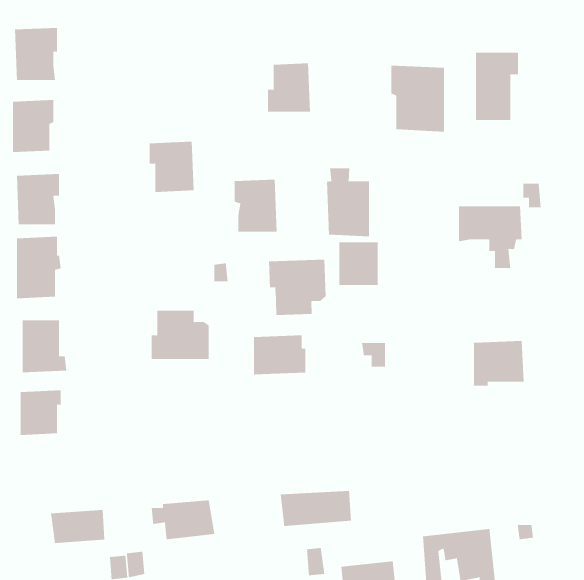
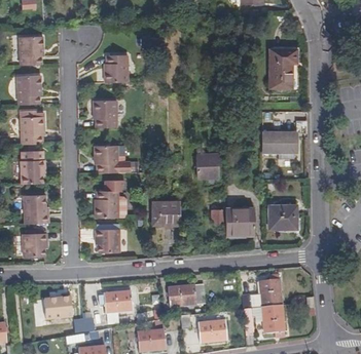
building: [267,63,311,112] -> [106,49,130,76]
building: [391,65,444,132] -> none
building: [326,168,370,237] -> none
building: [234,179,277,232] -> [96,137,119,166]
building: [269,259,326,316] -> none
building: none -> [226,203,257,230]
building: none -> [96,219,120,246]
building: none -> [241,278,280,308]

